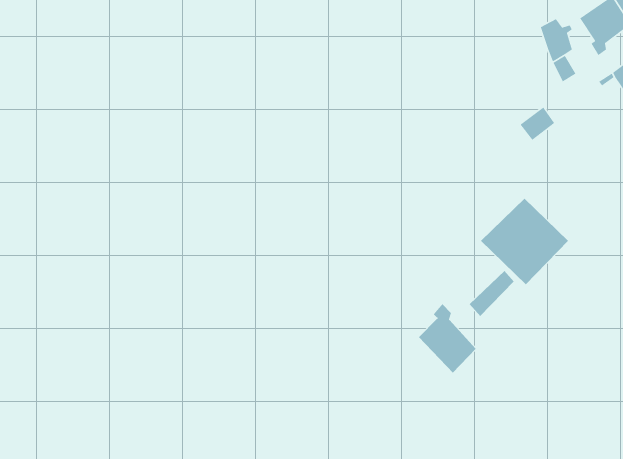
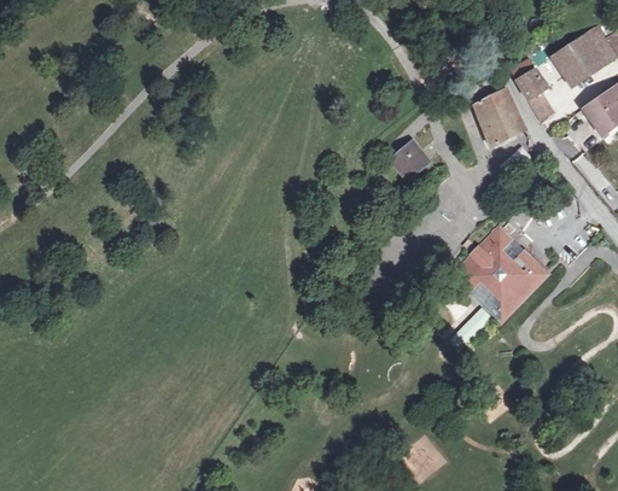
building: none -> [465,70,525,144]
building: none -> [392,142,430,176]
building: [418,303,477,373] -> none

